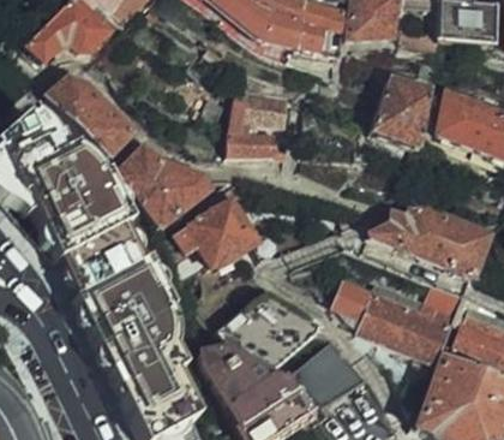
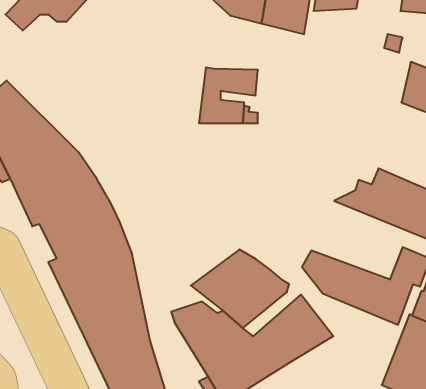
building: [48,77,132,155] -> none
building: [370,77,433,149] -> none
building: [122,143,209,224] -> none
building: [170,198,258,266] -> none

